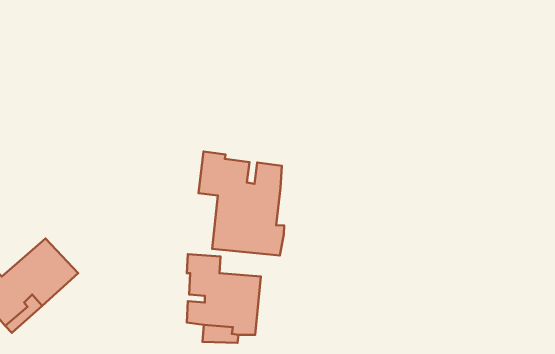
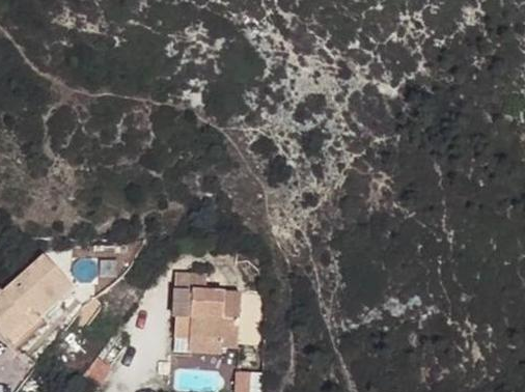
building: [198,151,284,255] -> none

